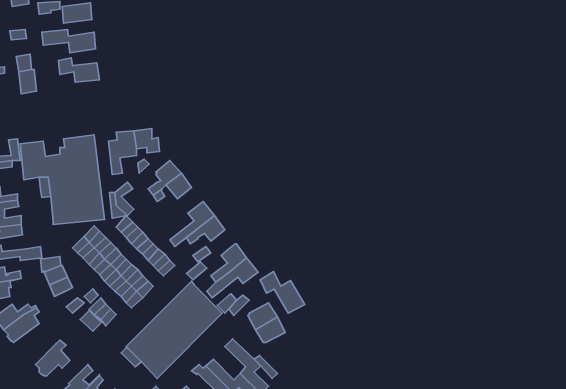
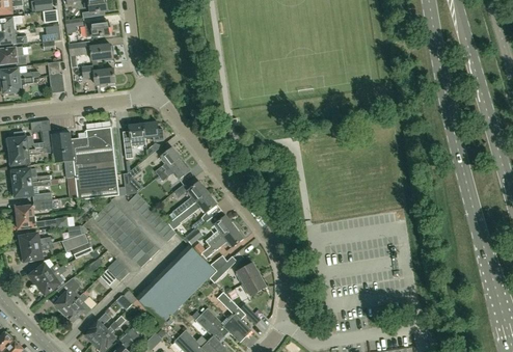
building: [260,272,305,313] -> none
building: none -> [54,277,80,313]

